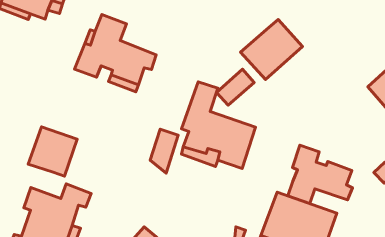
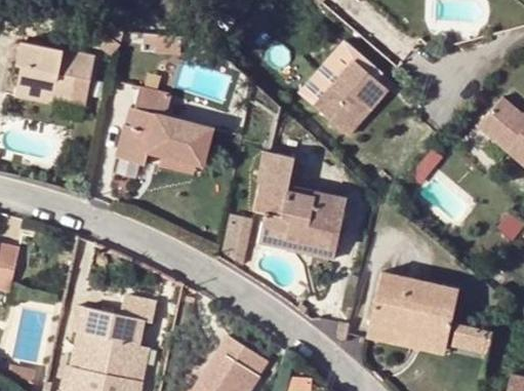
building: [216,69,254,105] -> [298,62,342,108]
building: [28,127,77,176] -> none
building: [288,145,352,204] -> none

